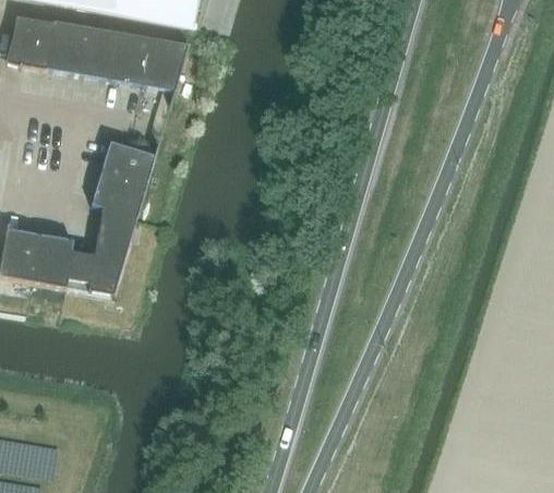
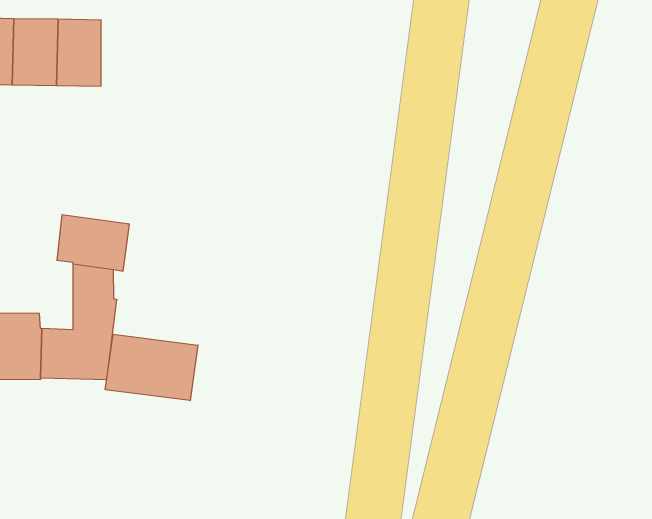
building: [143,37,190,103] -> none
building: [100,141,160,185] -> none
building: none -> [105,334,198,401]

